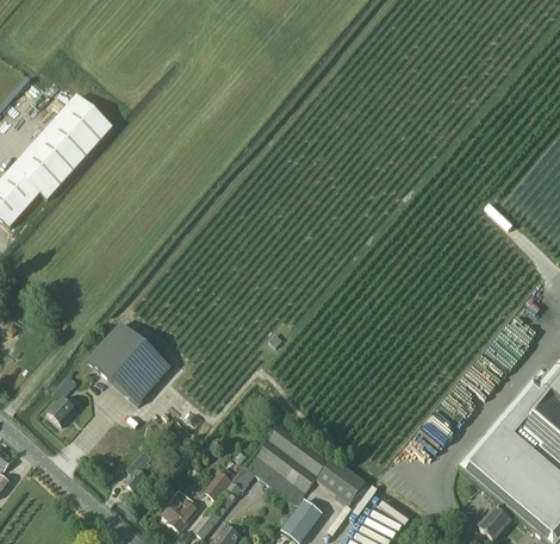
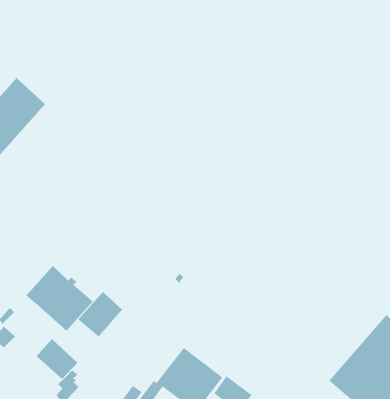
building: none -> [77,291,123,338]
building: none -> [36,338,78,380]

